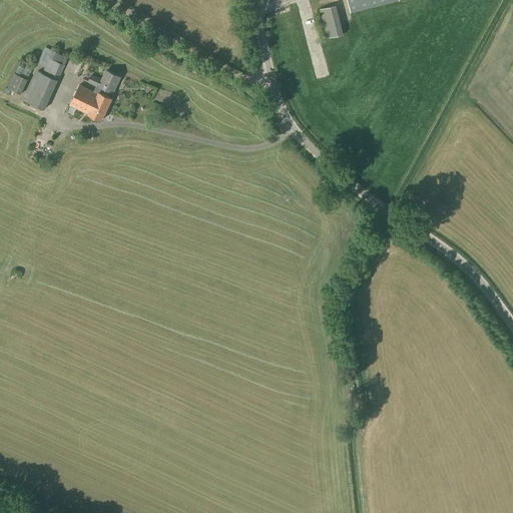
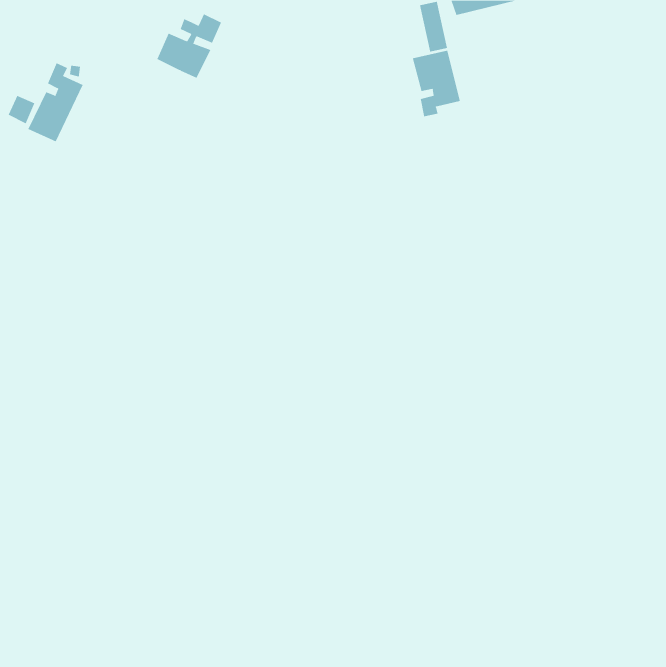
building: none -> [412,50,461,117]
building: [69,70,119,120] -> [156,13,222,79]

